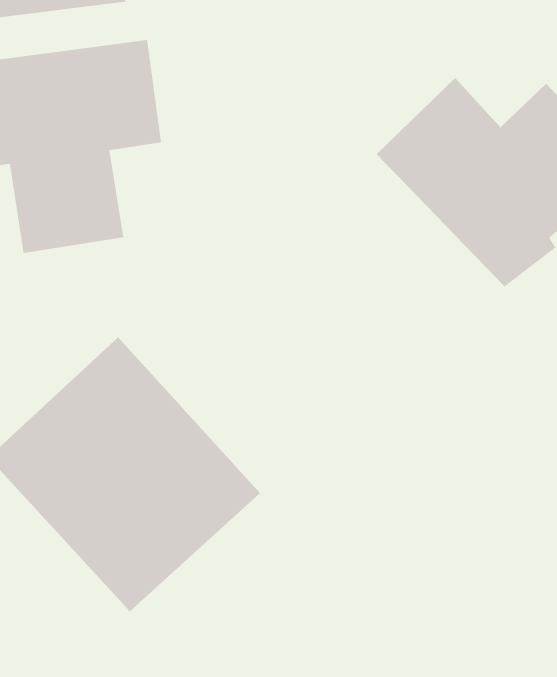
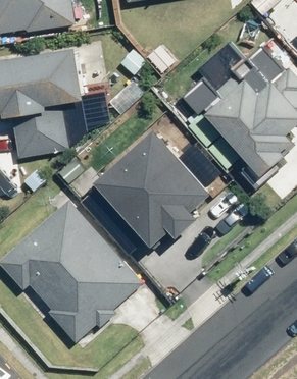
building: none -> [94,126,215,247]

